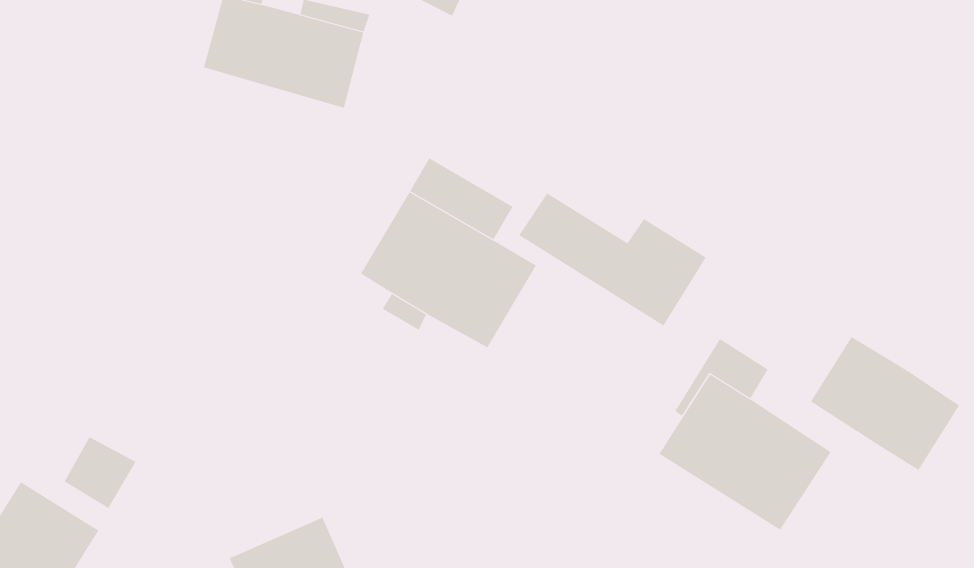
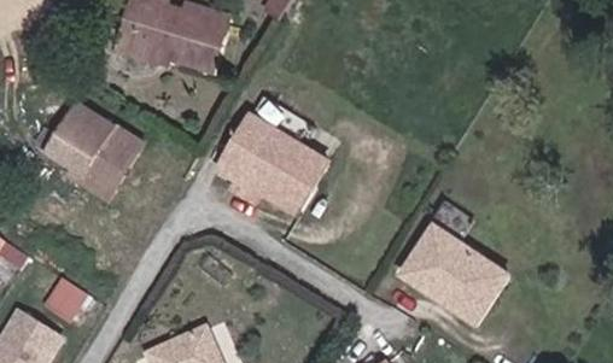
building: none -> [45,105,146,205]
building: [518,193,707,327] -> none
building: [810,336,960,471] -> none

